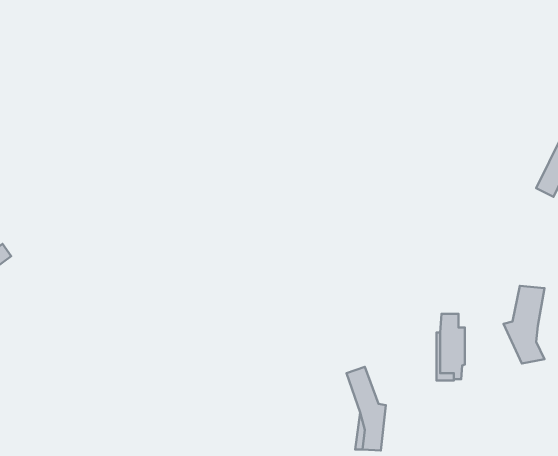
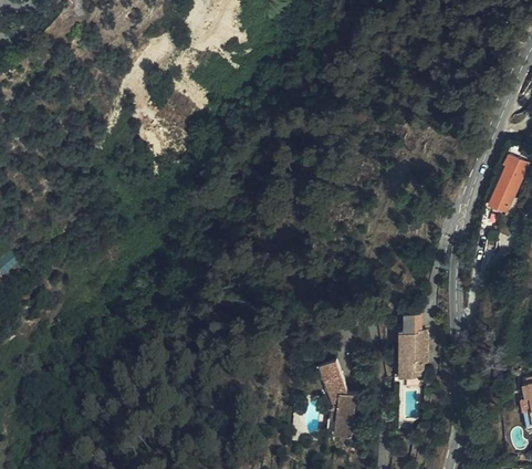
building: [504,286,544,364] -> none

